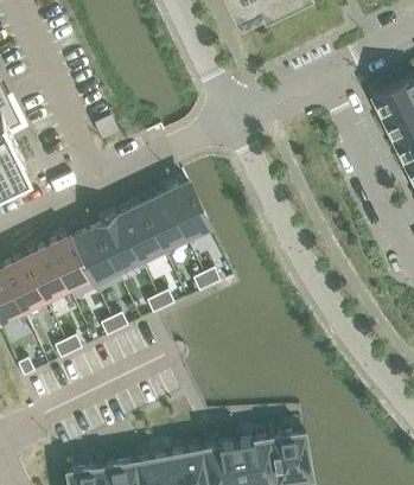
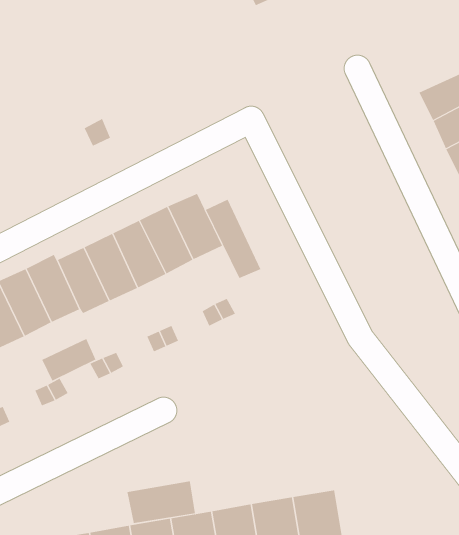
building: none -> [205,199,261,279]
building: none -> [42,338,96,382]
building: none -> [127,480,195,524]

